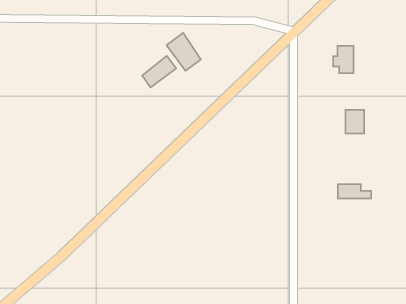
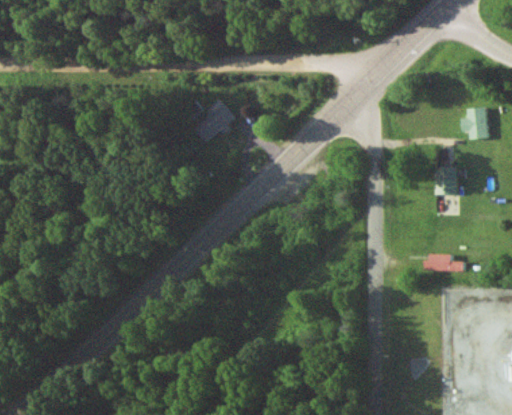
building: [166,33,201,71] -> none
building: [333,46,354,73] -> [463,106,487,138]

